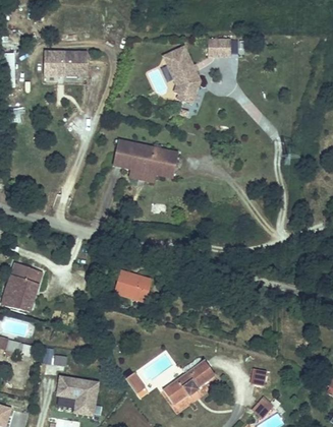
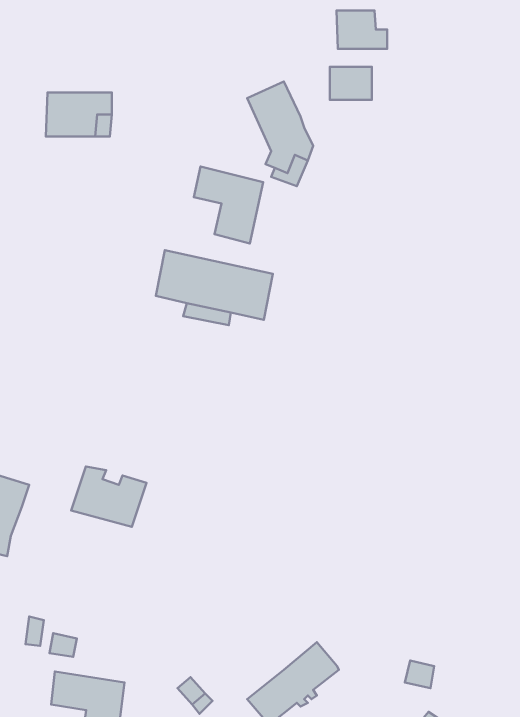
building: none -> [337,10,387,49]
building: none -> [194,166,263,243]
building: [115,271,157,305] -> [71,466,146,527]

